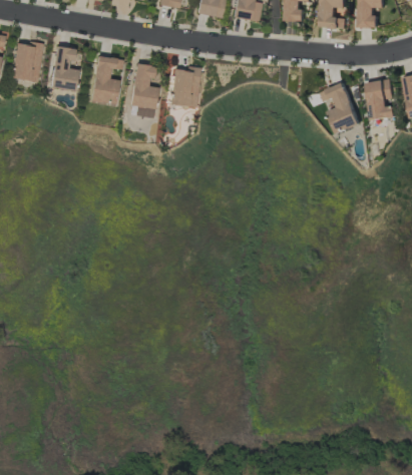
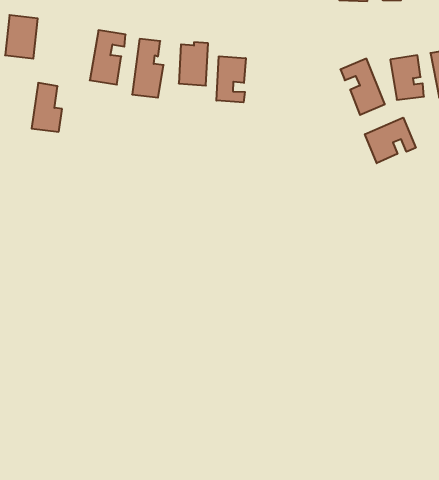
building: [48,45,76,90] -> [32,83,62,132]
building: none -> [216,56,246,102]
building: none -> [365,118,416,163]

